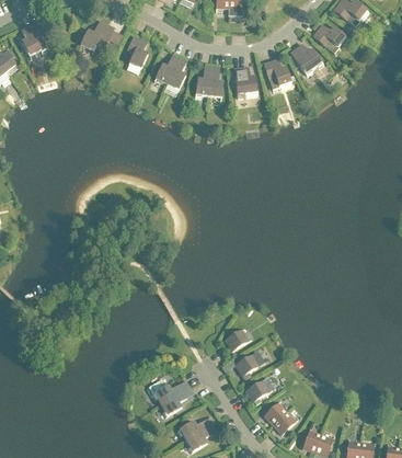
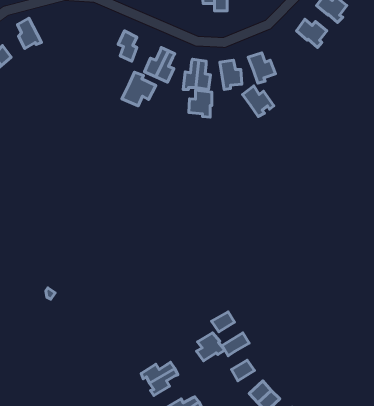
building: [80,20,115,50] -> none
building: [290,44,323,76] -> [242,86,274,116]
building: none -> [122,72,156,106]
building: none -> [189,90,212,117]
building: none -> [197,333,225,361]

